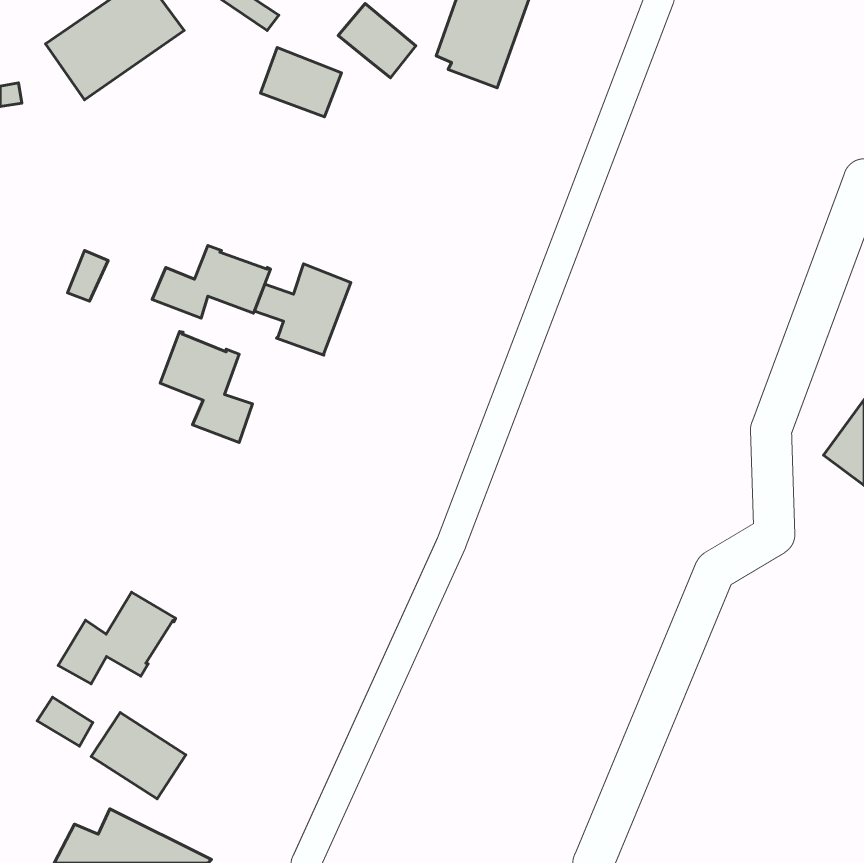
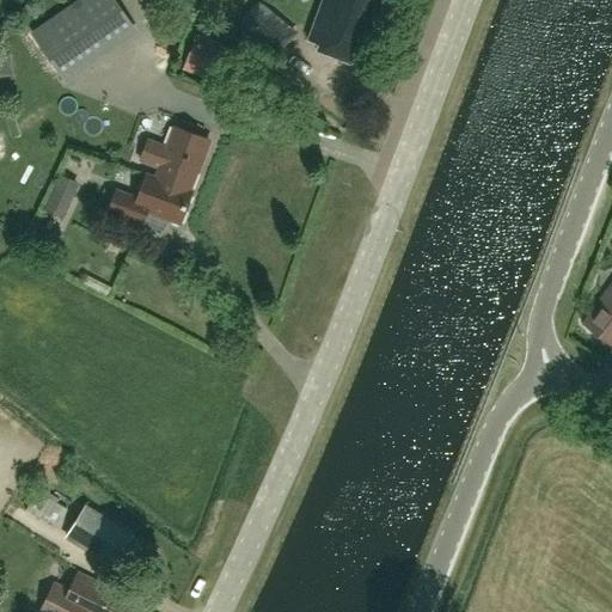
building: [255,264,351,355] -> [140,126,208,190]
building: [160,331,253,443] -> none
building: [58,592,175,684] -> none

